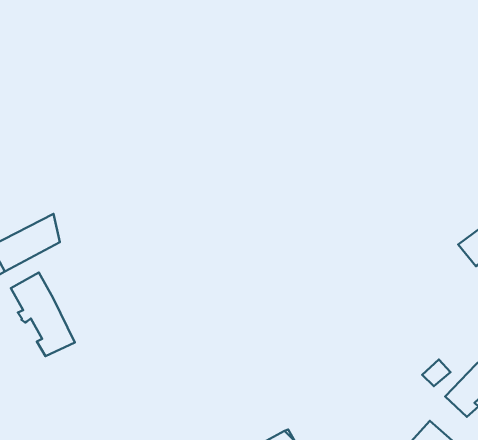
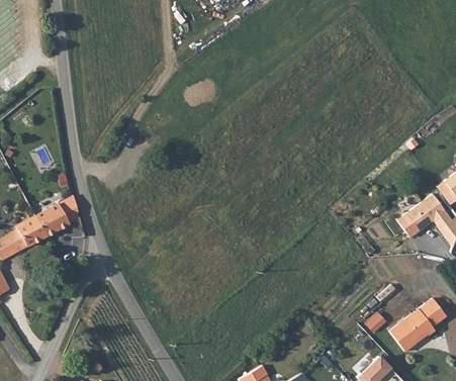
building: [11,272,75,356] -> none

